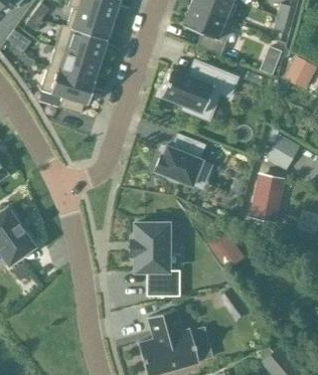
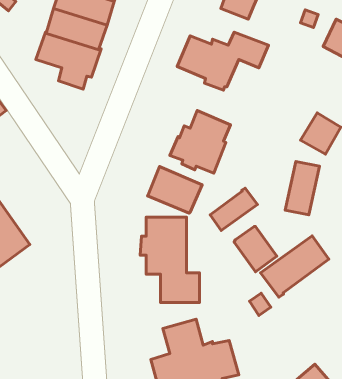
building: none -> [148,167,202,213]
building: none -> [210,188,258,231]
building: none -> [261,236,329,297]

